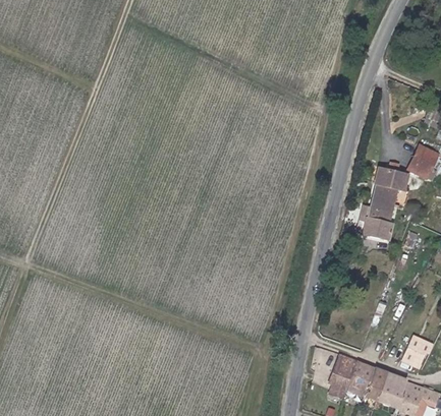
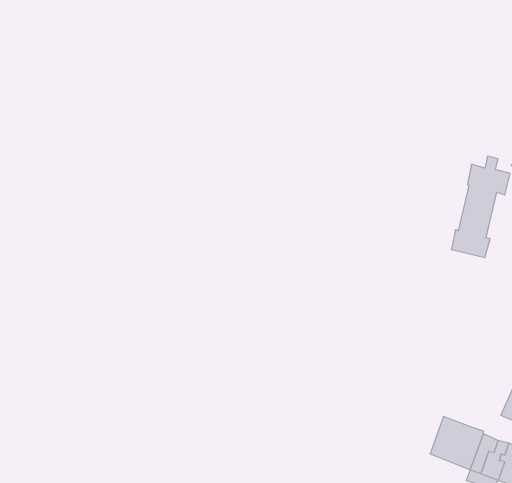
building: [329,354,356,399] -> none

